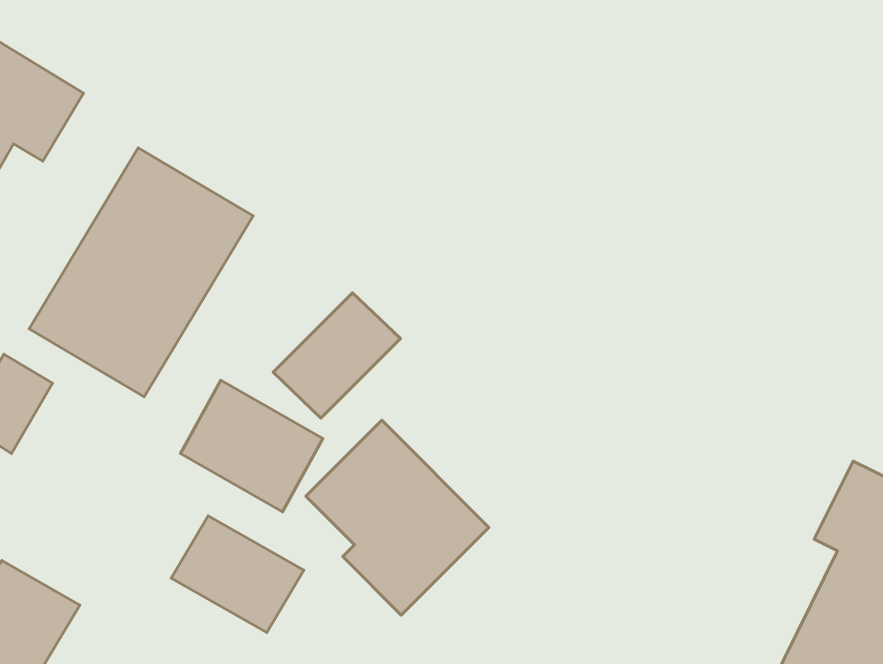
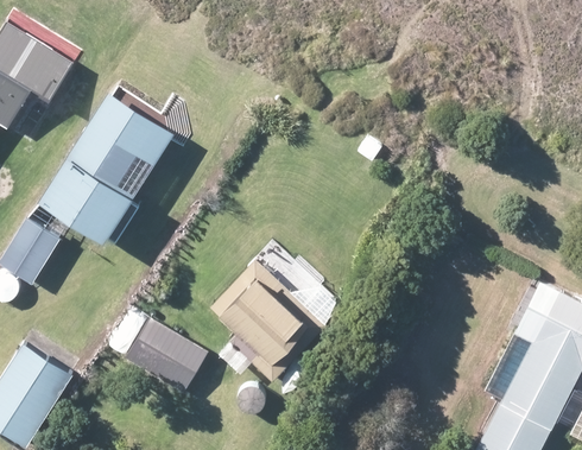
building: [273,293,400,418] -> none
building: [180,380,323,512] -> none

